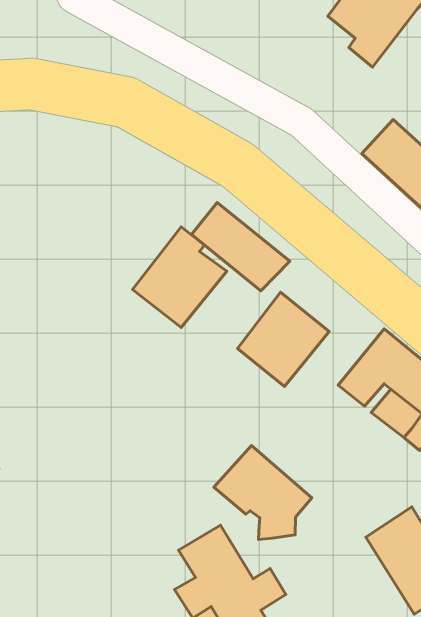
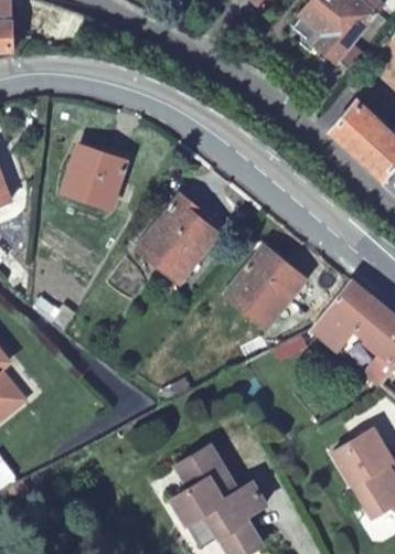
building: none -> [65,149,125,205]
building: [192,202,290,291] -> none
building: [214,446,312,540] -> none

